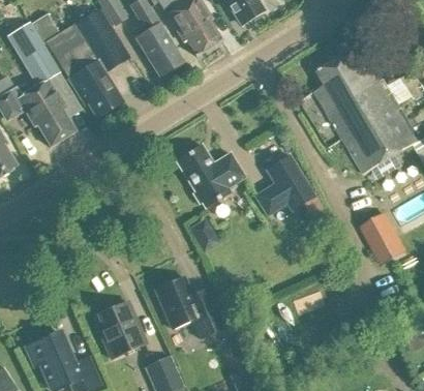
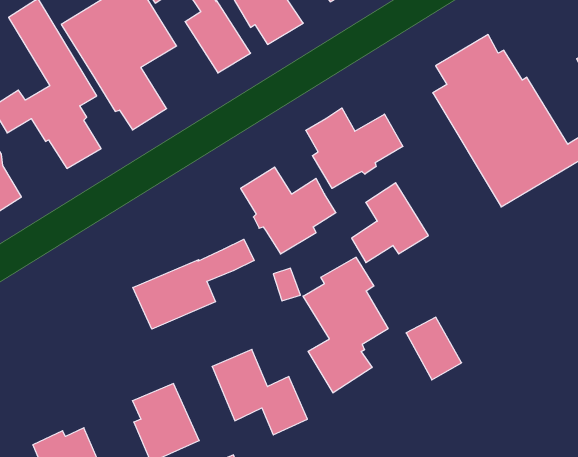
building: none -> [306,108,403,188]
building: none -> [133,239,254,329]
building: none -> [303,257,388,393]
building: [359,214,399,260] -> [406,317,462,380]

